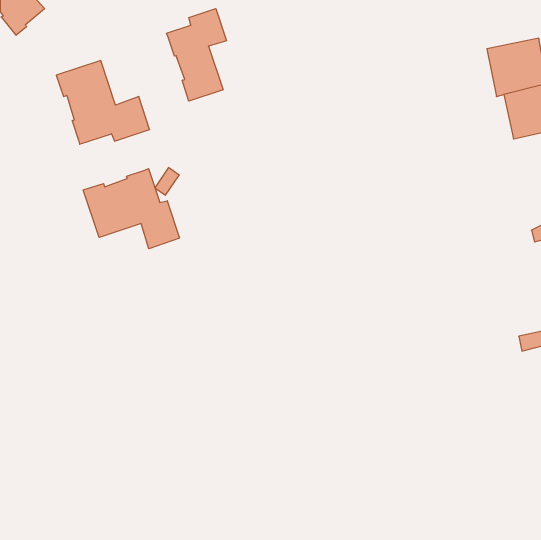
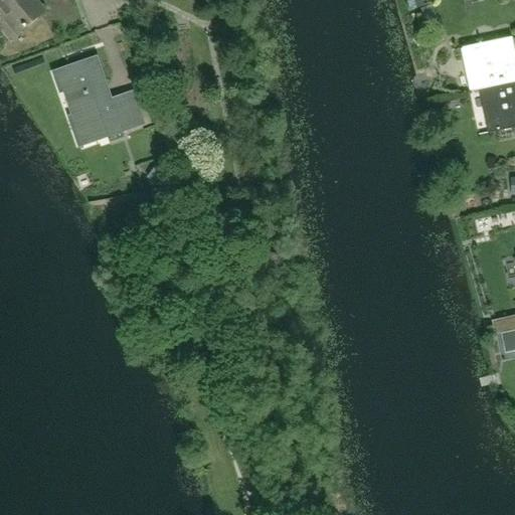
building: [167,9,227,101] -> none
building: [83,169,180,249] -> none

